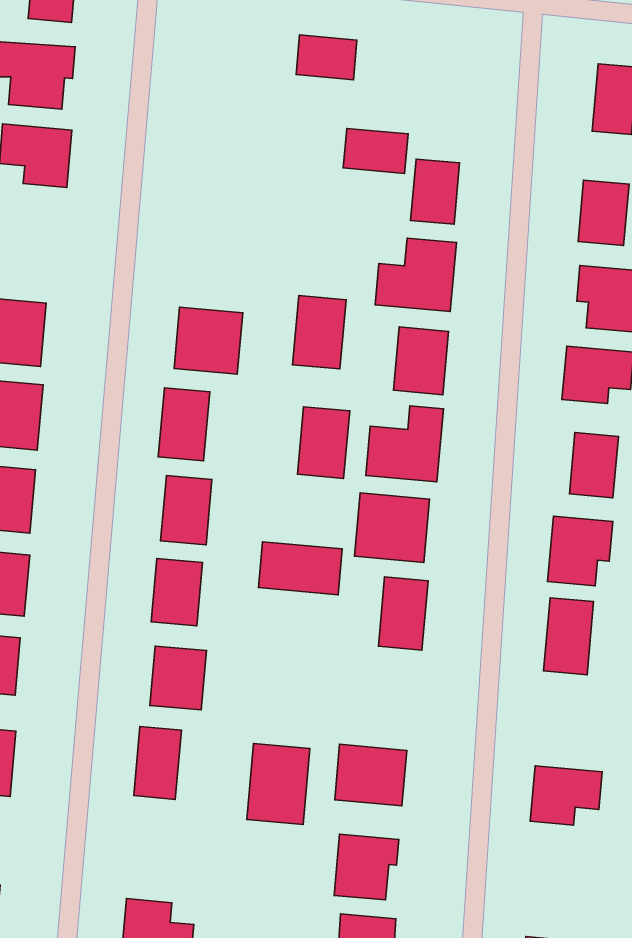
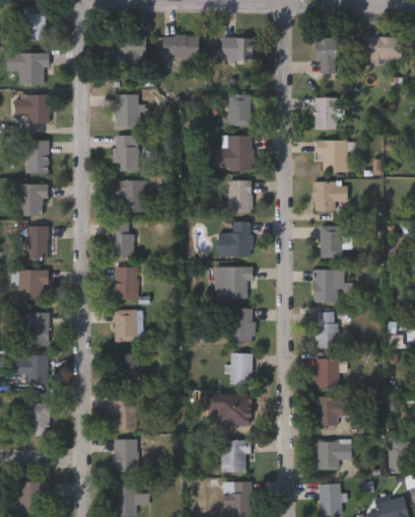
building: none -> [116,36,145,70]
building: [343,128,408,173] -> [221,39,253,59]
building: none -> [116,95,140,128]
building: none -> [25,141,49,174]
building: [293,295,346,369] -> [114,136,138,171]
building: [298,407,350,478] -> none
building: [258,542,342,595] -> none
building: none -> [228,354,252,385]
building: none -> [316,359,339,388]
building: [247,744,310,825] -> none
building: none -> [115,439,138,472]
building: none -> [317,441,352,469]

